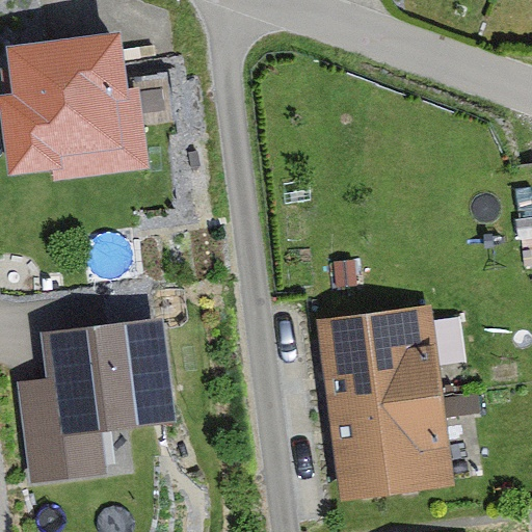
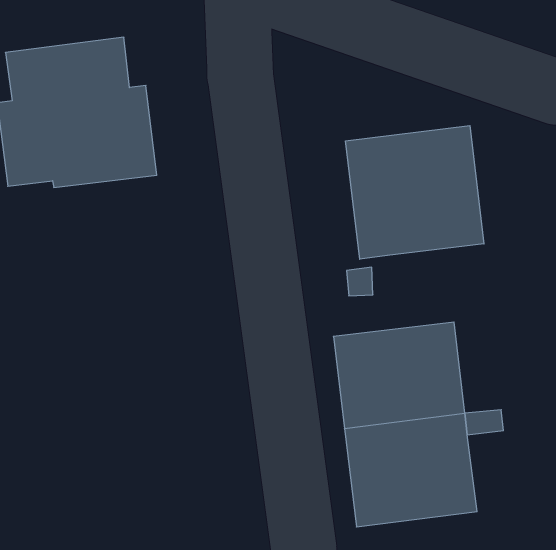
building: none -> [346,126,484,259]
building: [15,318,177,481] -> none

